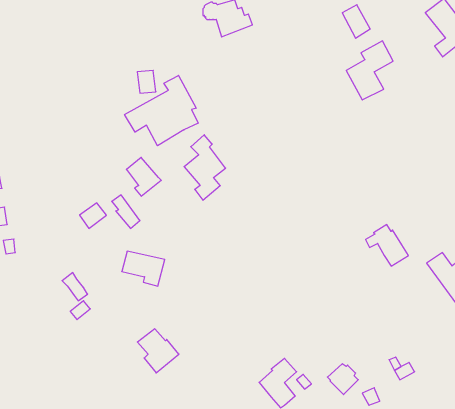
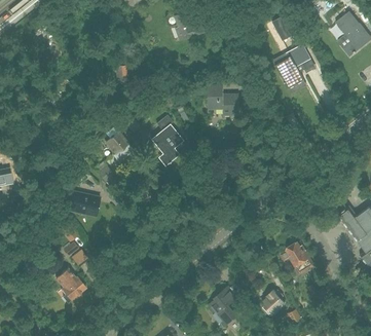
building: [125,75,198,146] -> none
building: none -> [207,83,238,114]
building: [366,225,408,266] -> [280,241,312,273]
building: [122,251,165,286] -> [67,190,100,217]
building: [137,329,179,373] -> [53,267,85,301]

